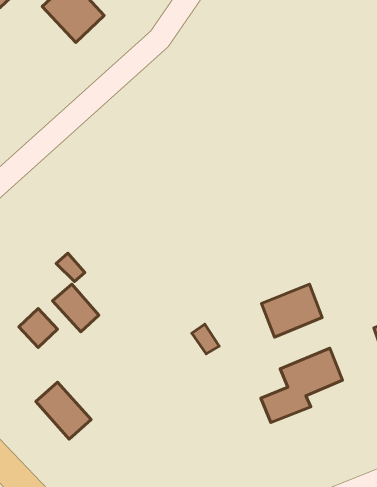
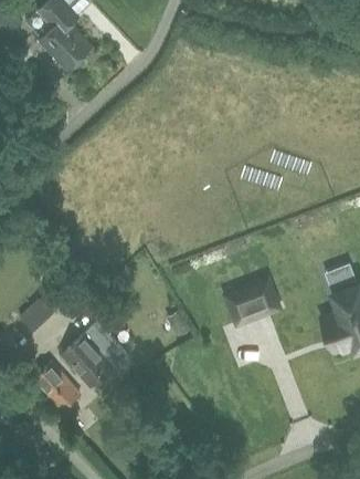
building: [261,348,343,423] -> none
building: none -> [61,333,115,386]

